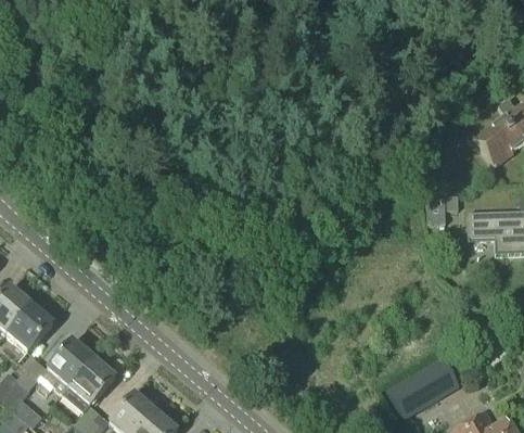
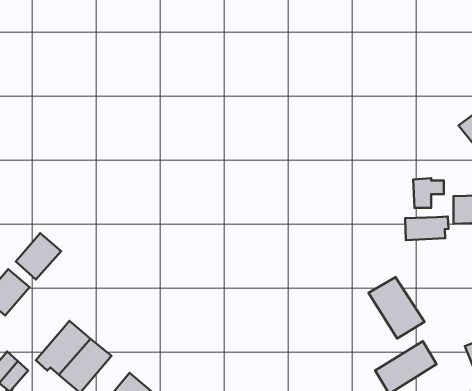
building: none -> [405,217,449,240]
building: none -> [369,277,424,339]
building: [8,304,54,352] -> [16,233,61,280]

